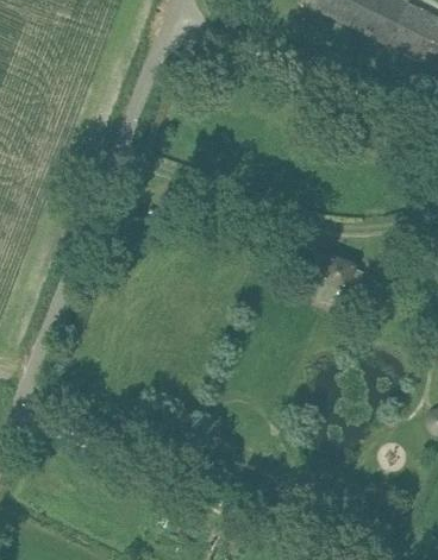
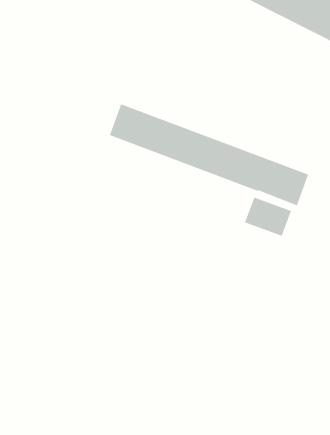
building: none -> [109,104,309,206]

